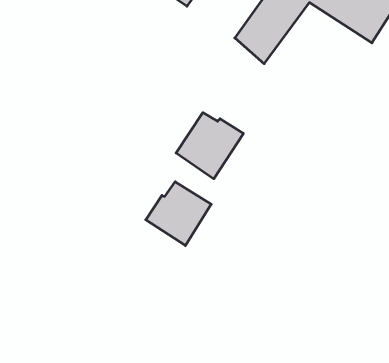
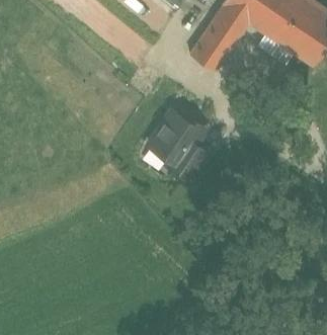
building: [146,182,211,246] -> none

